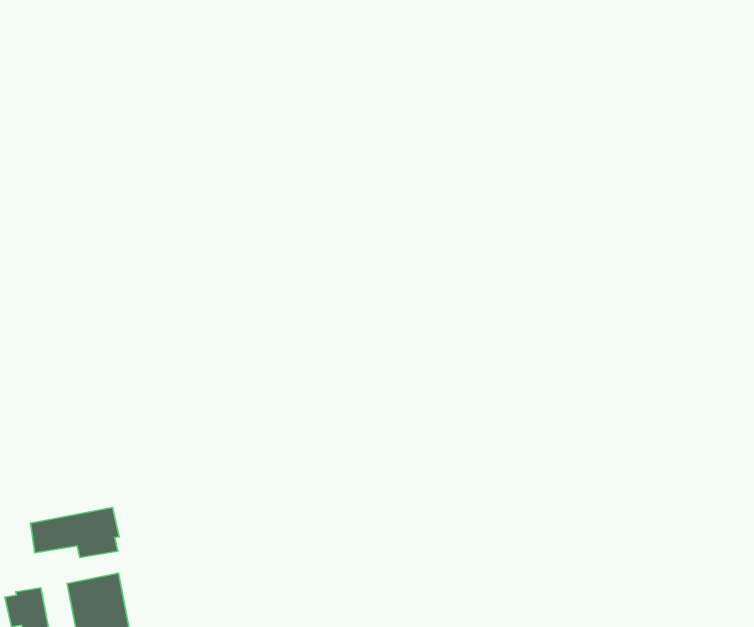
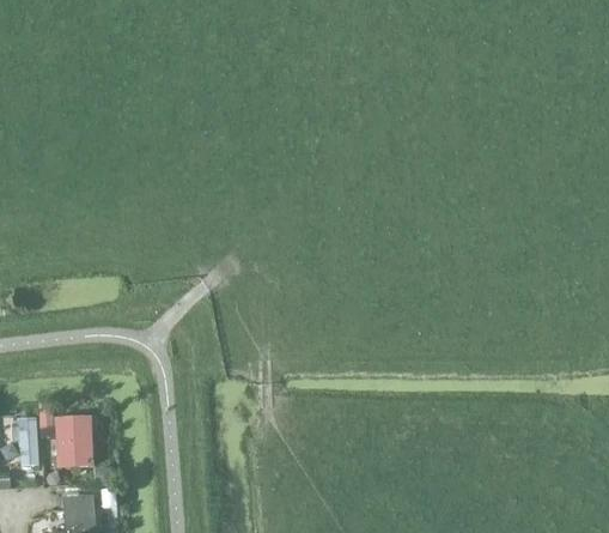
building: [30,507,119,558] -> none

